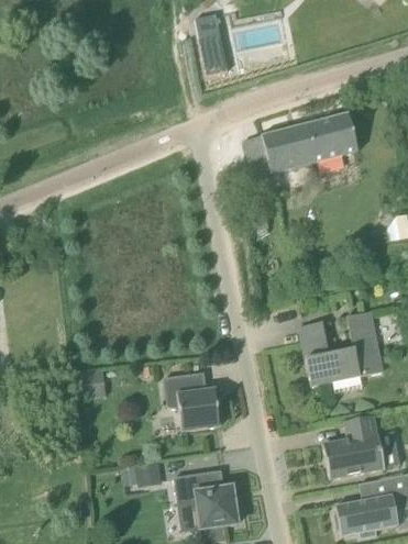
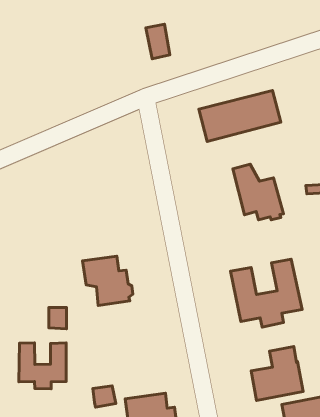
building: none -> [233,164,283,220]
building: [163,373,222,431] -> [82,256,133,305]
building: none -> [19,343,66,389]

